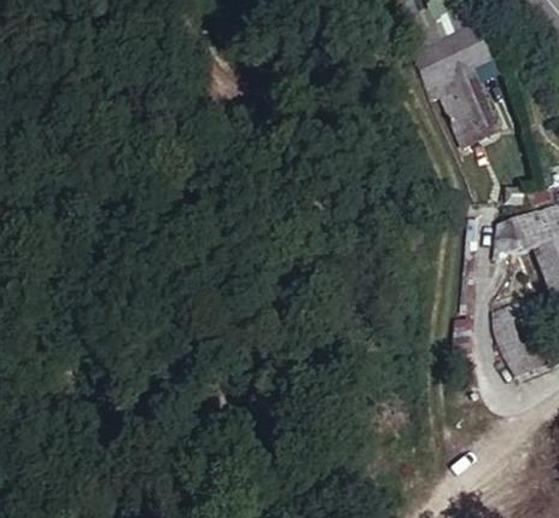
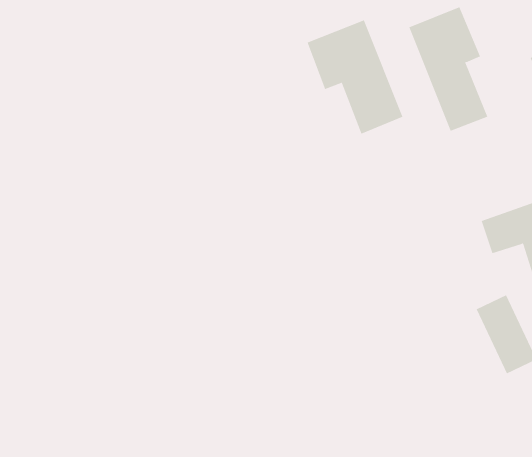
building: none -> [307,20,403,134]

